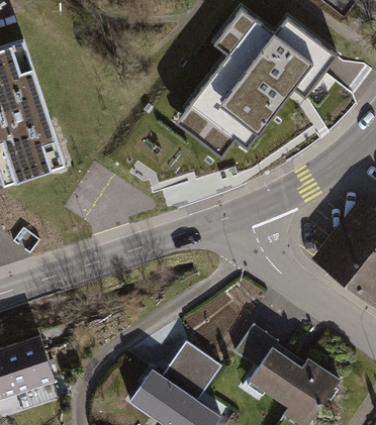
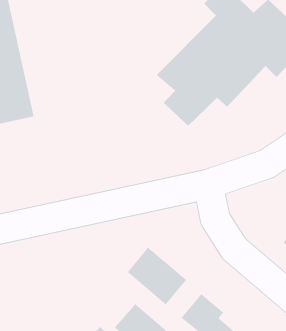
building: none -> [127,246,187,306]

